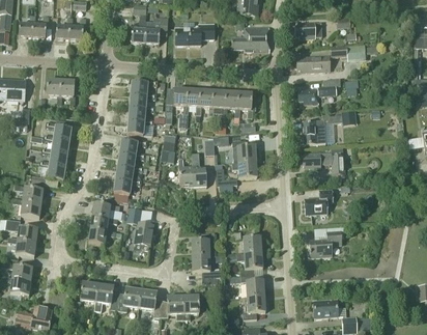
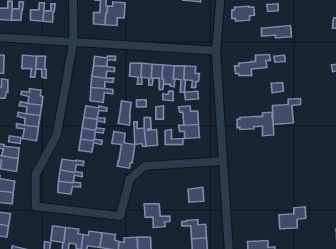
building: [175,23,214,45] -> none
building: [231,26,269,51] -> none
building: [296,55,329,72] -> none
building: [303,112,336,143] -> [272,98,300,125]
building: [304,189,333,214] -> none
building: [125,207,152,251] -> [112,131,135,168]
building: [309,230,341,256] -> [279,207,306,229]
building: [190,232,216,255] -> none
building: [236,252,262,275] -> none

